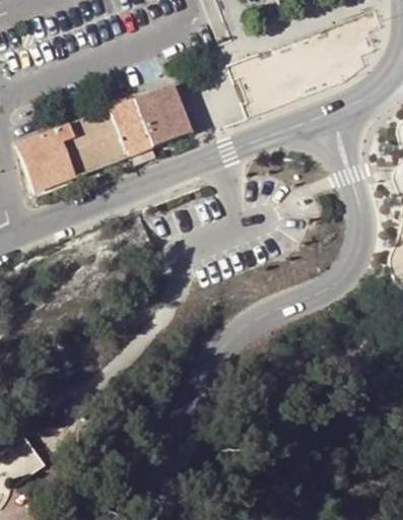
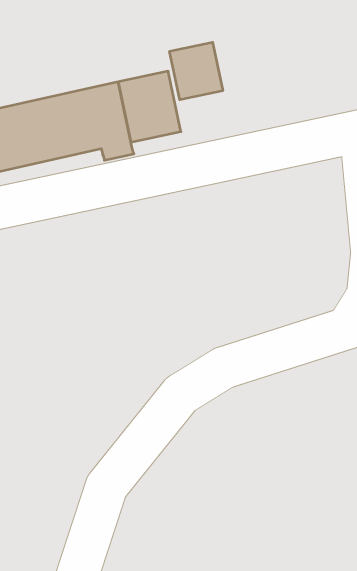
building: none -> [170,42,223,100]

